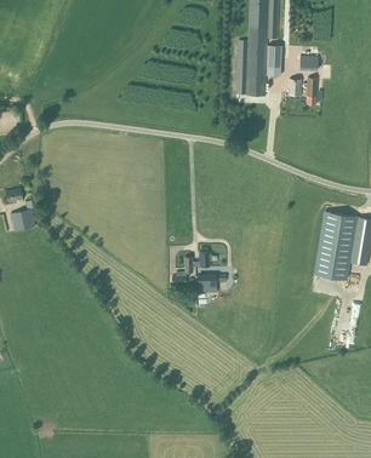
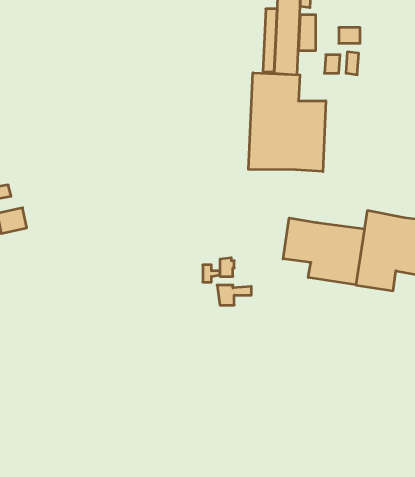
building: none -> [248,73,326,172]
building: none -> [283,218,365,285]

